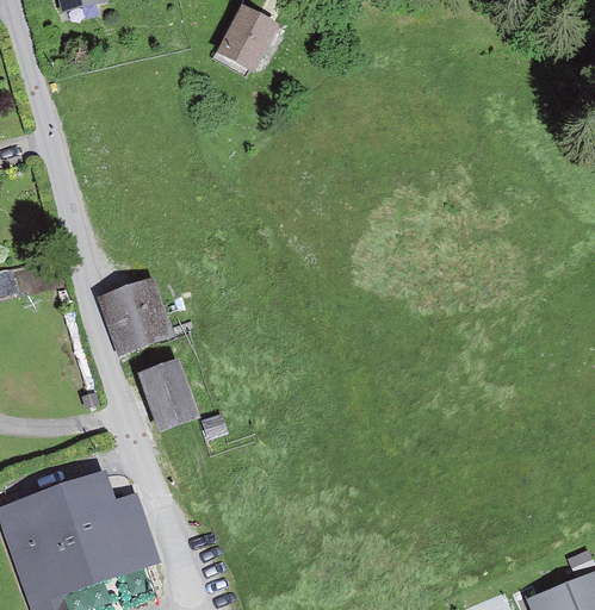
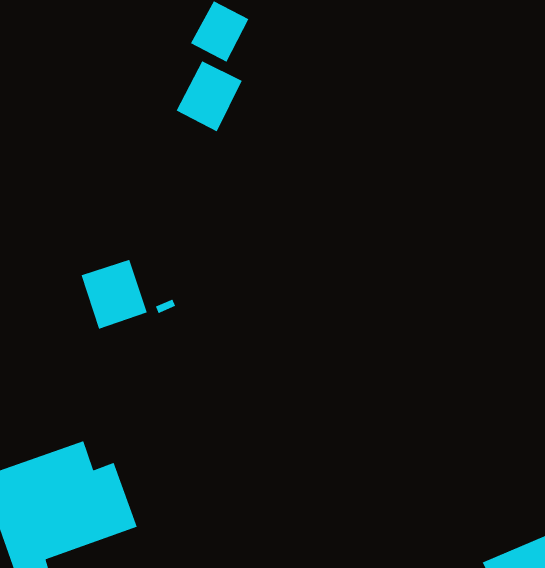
building: none -> [176,60,243,132]
building: [137,357,200,431] -> none

